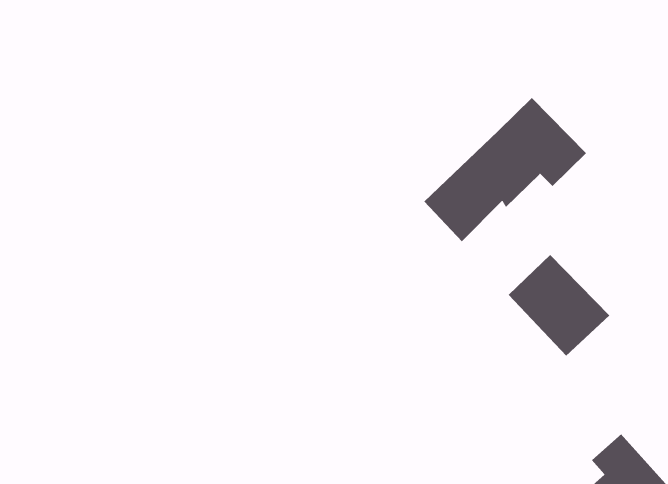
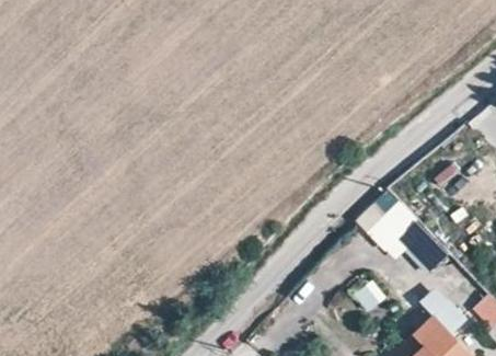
building: [423,97,587,242] -> none

